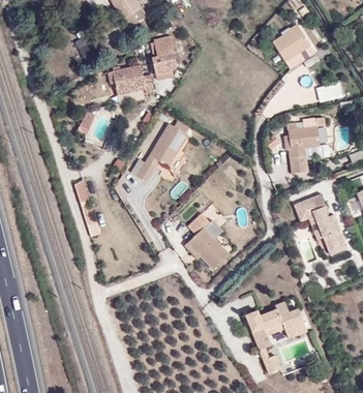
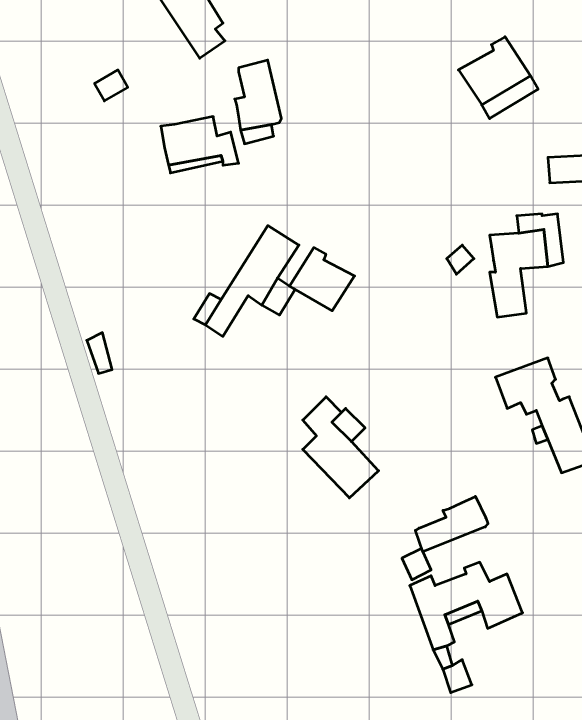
building: none -> [289,248,355,311]
building: none -> [415,496,488,552]

